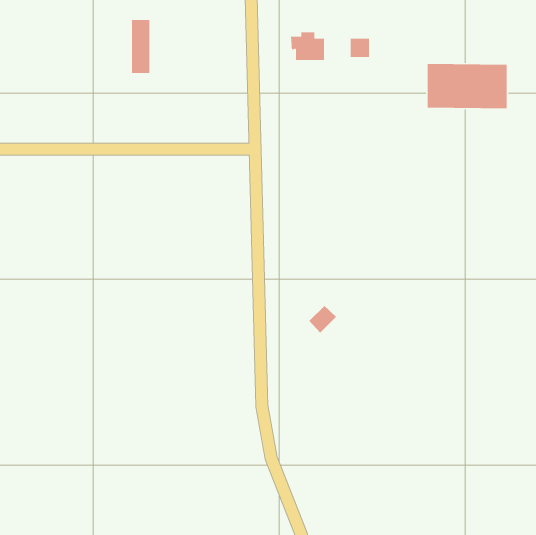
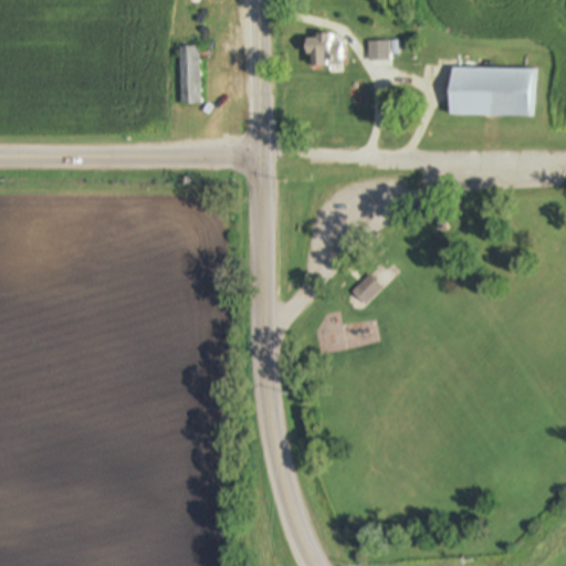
building: [131,19,150,74] -> [180,45,200,103]
building: [309,305,337,334] -> [352,273,381,303]

